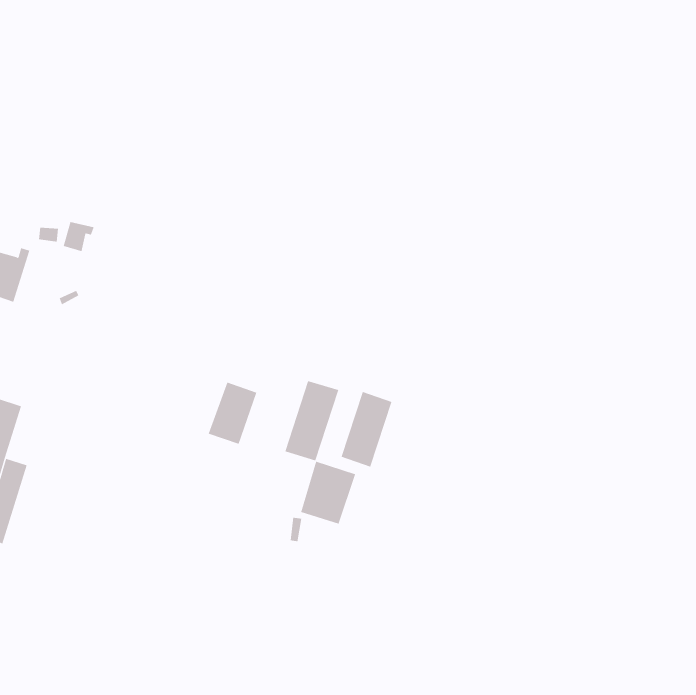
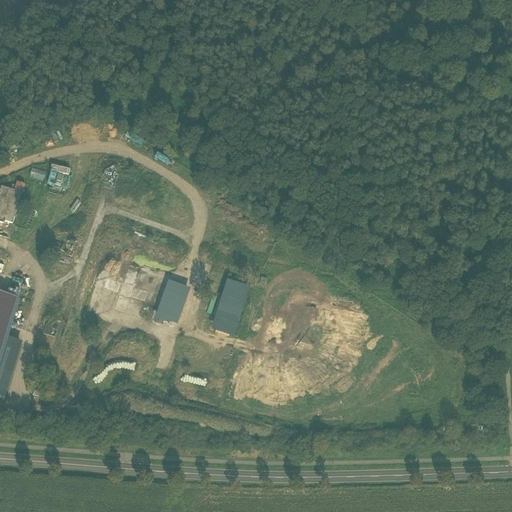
building: [341,391,392,468] -> none
building: [300,461,356,525] -> none

